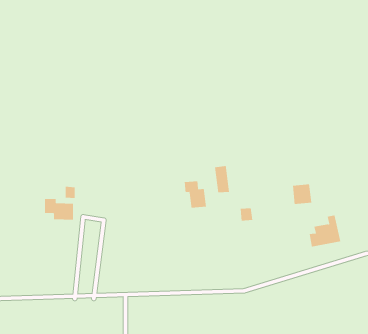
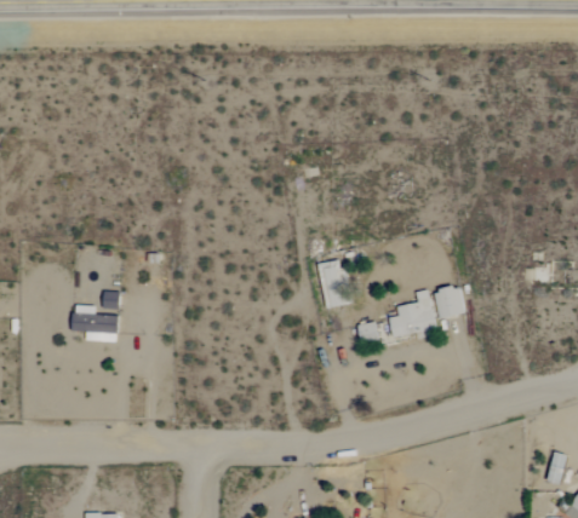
building: [184,180,206,208] -> none
building: [309,215,341,247] -> [390,289,437,336]

